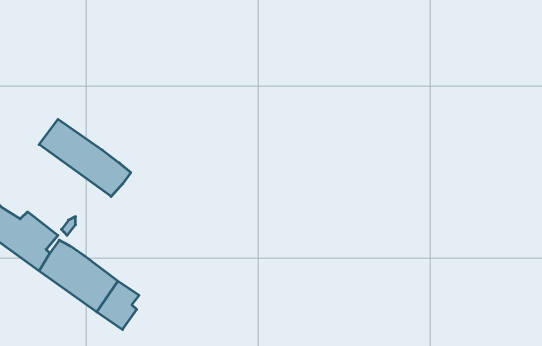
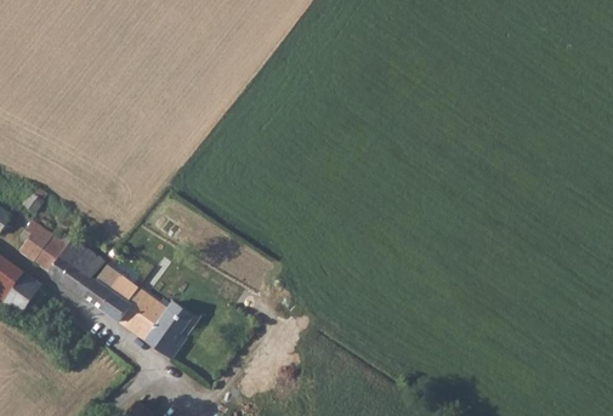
building: [39,119,131,197] -> none

